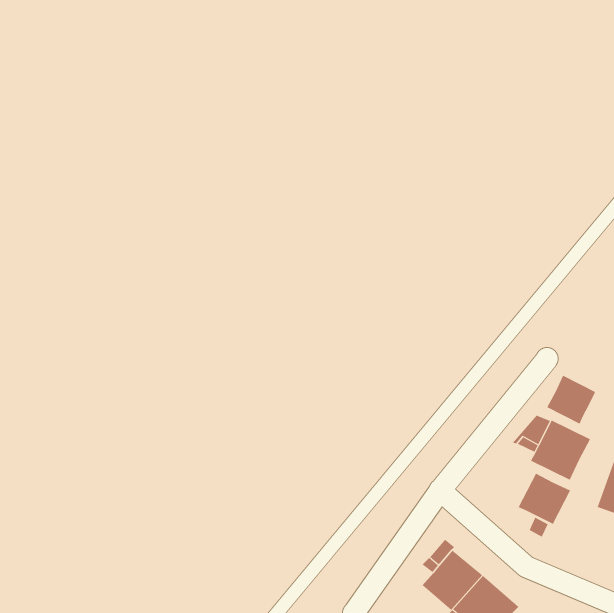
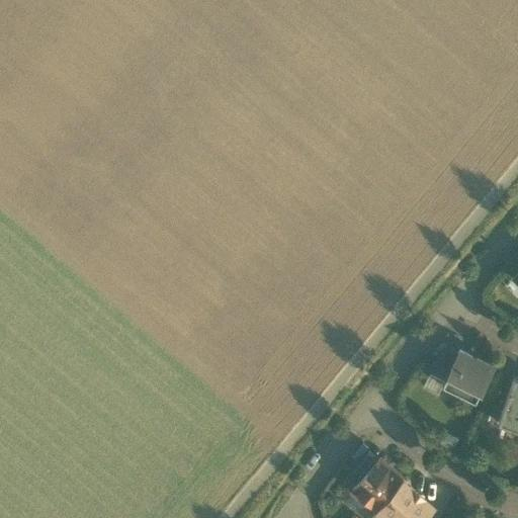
building: [547,375,596,425] -> none
building: [518,473,571,525] -> none

